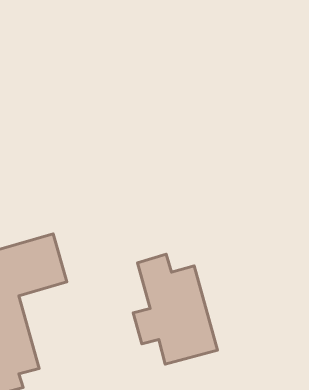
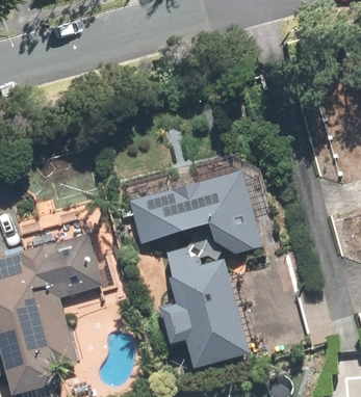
building: none -> [132,174,256,249]

